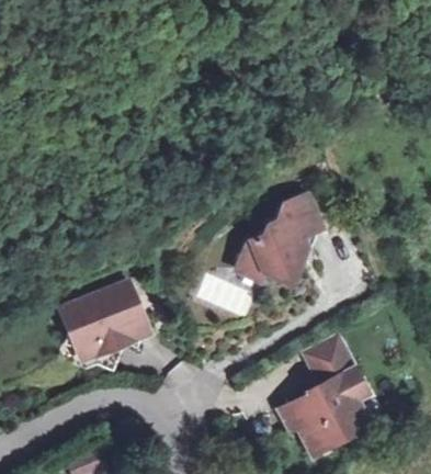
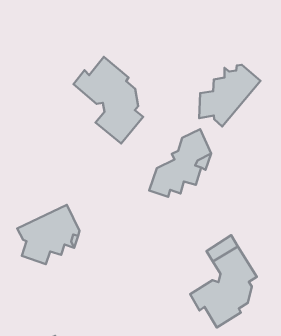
building: none -> [73,57,143,143]
building: none -> [199,65,260,126]

